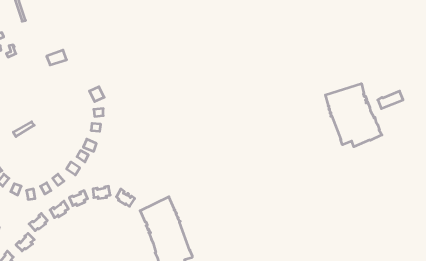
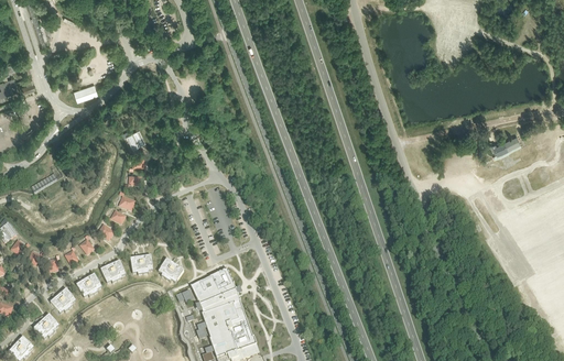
building: [325,84,382,147] -> none

